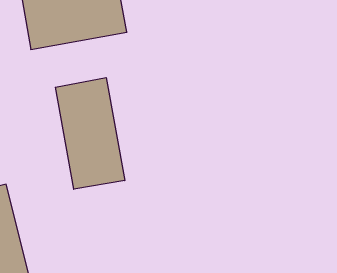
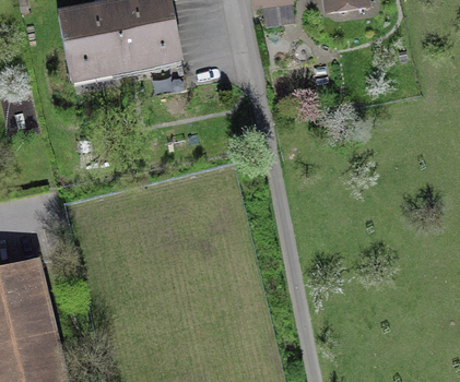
building: [55,78,125,189] -> none

